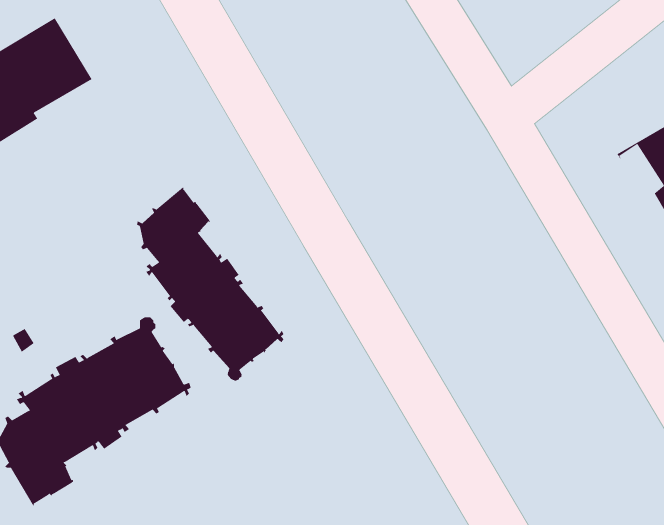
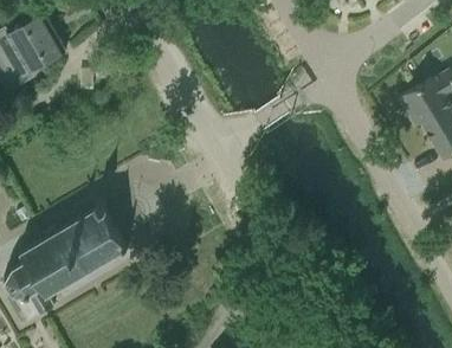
building: [136,187,284,382] -> none

